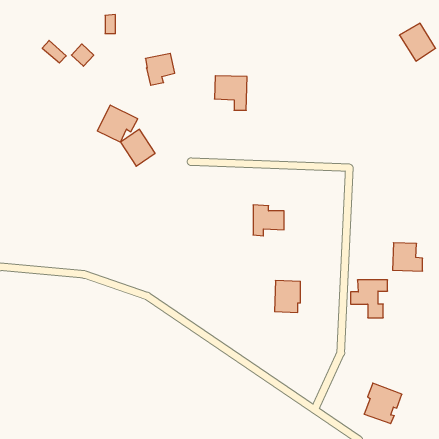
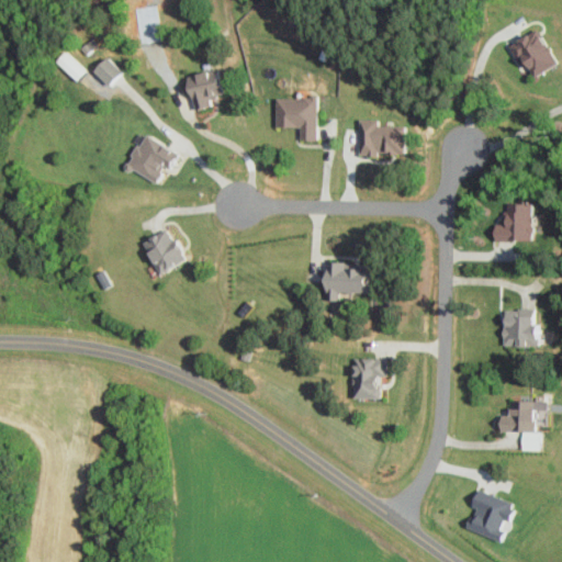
building: none -> [359,121,404,155]
building: [121,129,155,166] -> [140,228,184,276]
building: none -> [493,204,531,241]
building: [351,280,388,318] -> [499,402,547,450]

